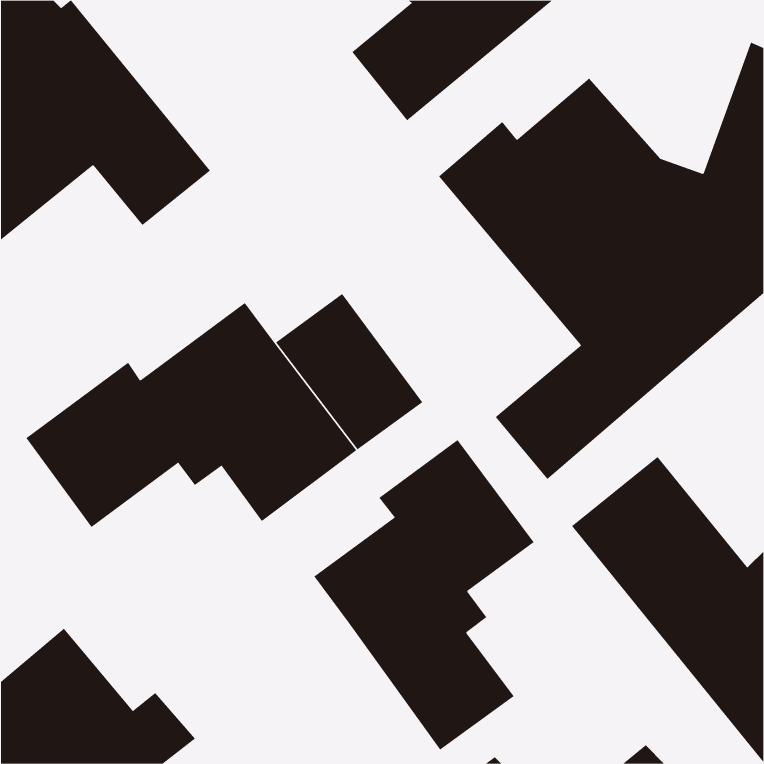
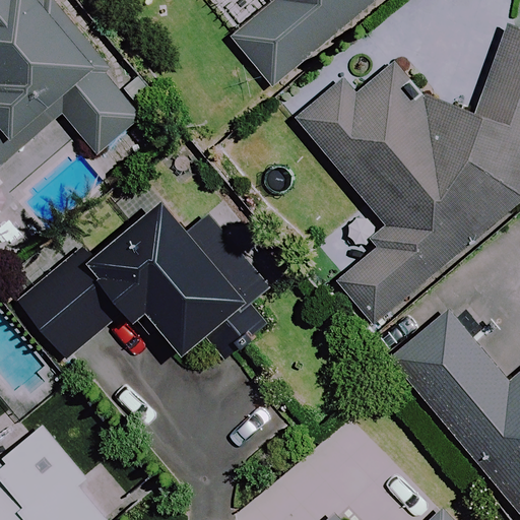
building: [313,439,534,750] -> none

